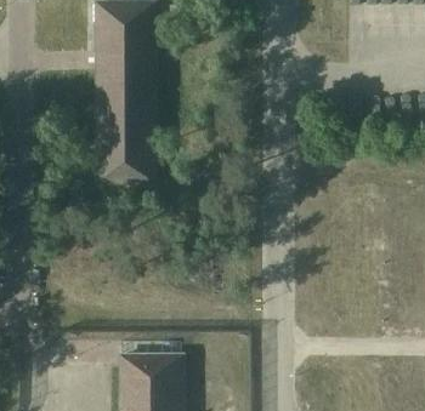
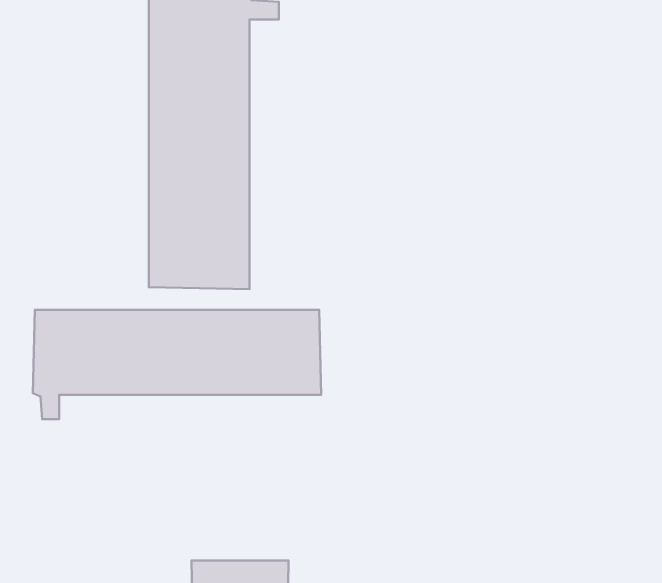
building: none -> [33,310,321,419]

